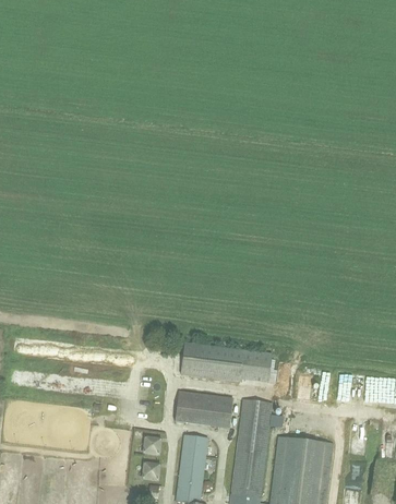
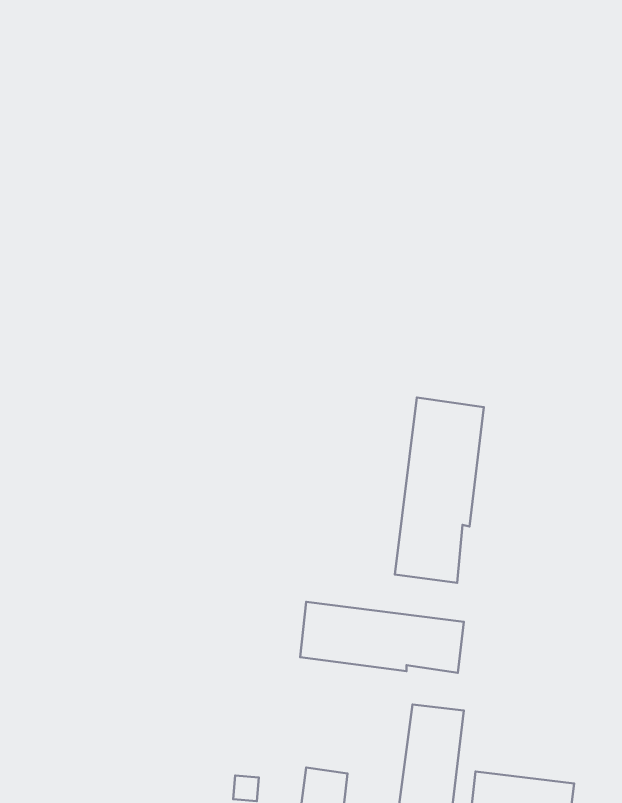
building: none -> [395,398,484,583]
building: [175,391,232,428] -> none

